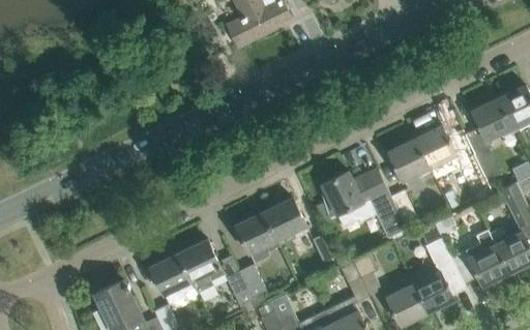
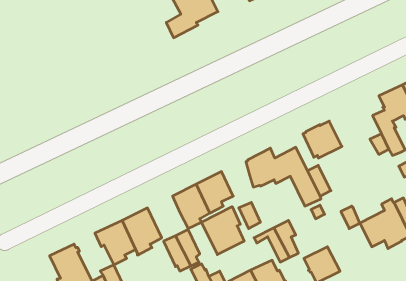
building: [415,126,461,178] -> none
building: none -> [202,207,244,255]
building: [413,271,453,311] -> none

